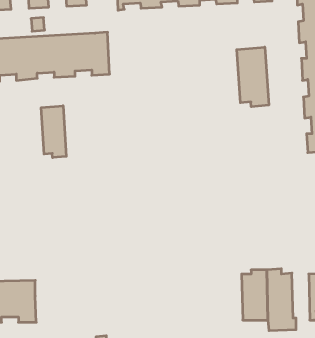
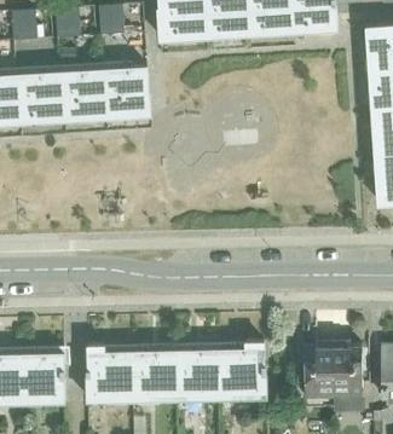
building: [237,47,269,107] -> none
building: [41,106,66,158] -> none
building: none -> [87,347,266,400]

